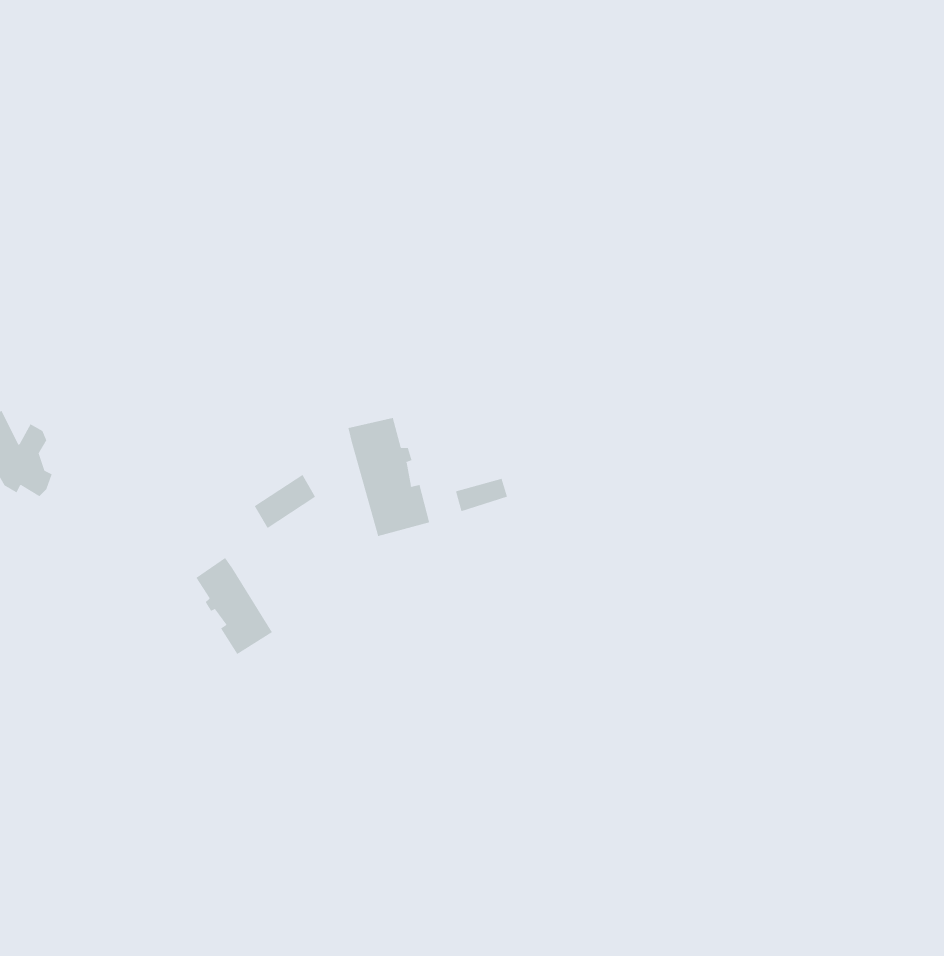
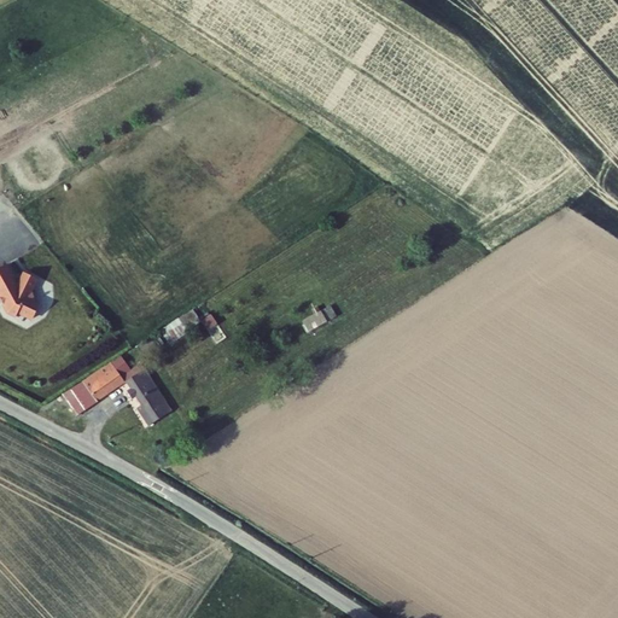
building: [348,417,430,537] -> none
building: none -> [66,361,126,413]

